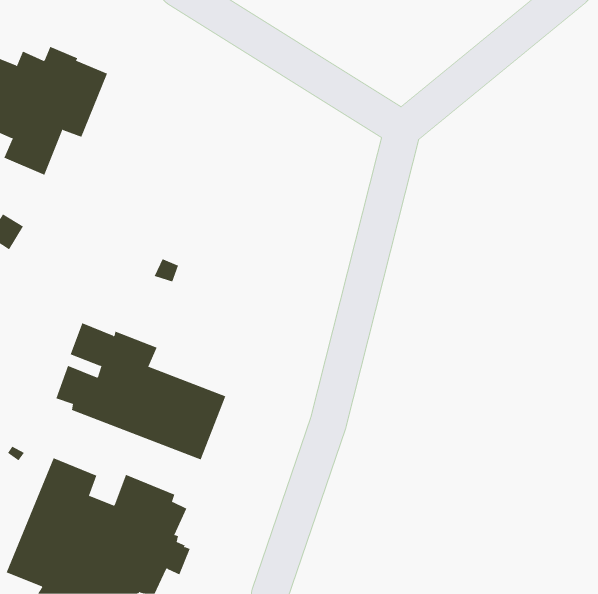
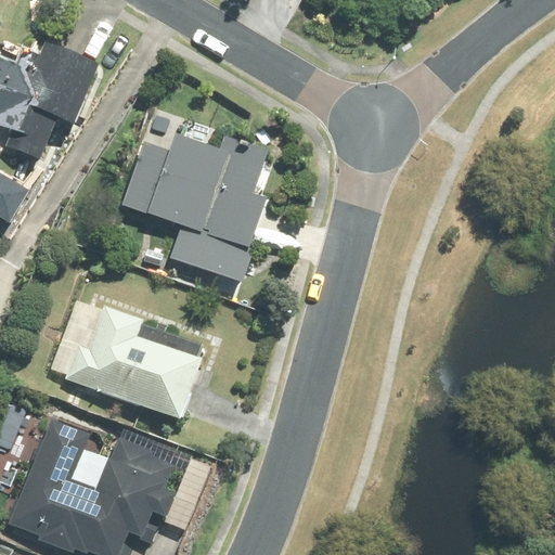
building: none -> [122,132,270,283]

